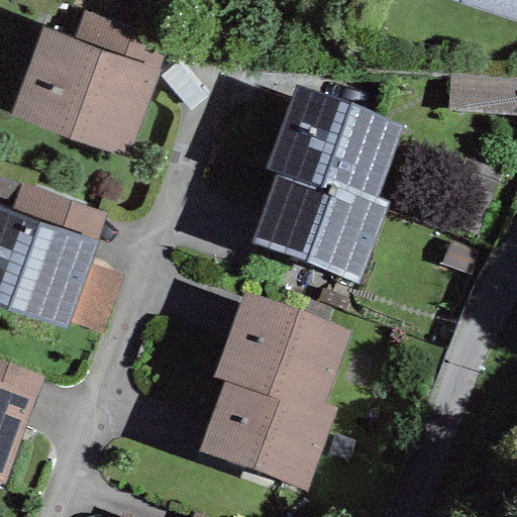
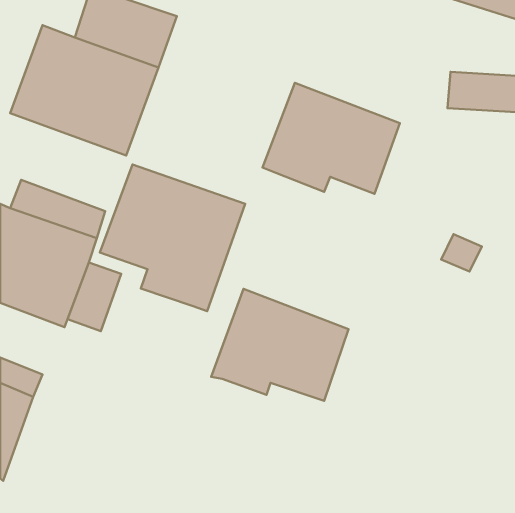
building: none -> [100,164,245,311]
building: [249,173,390,283] -> none
building: [198,379,335,491] -> none

